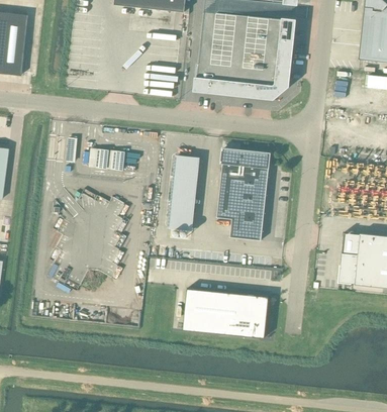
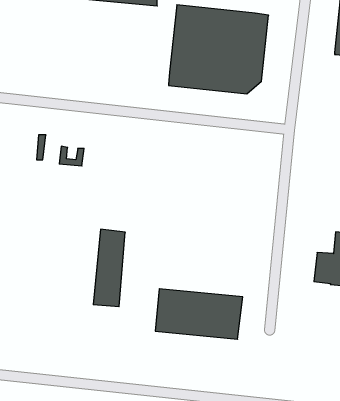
building: [218,148,272,240] -> none
building: [169,154,200,230] -> [93,229,125,307]

